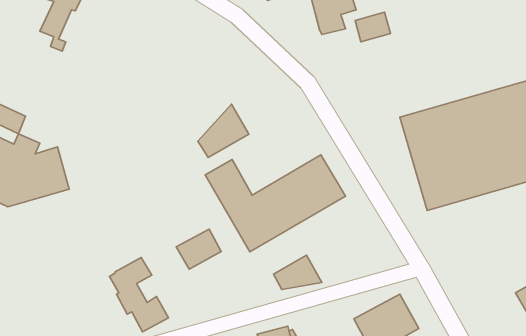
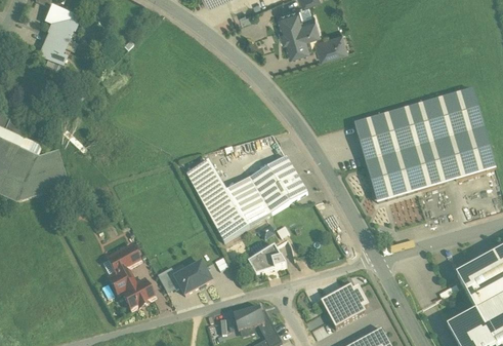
building: [198,104,249,158] -> none
building: [176,229,221,269] -> [170,257,209,292]

